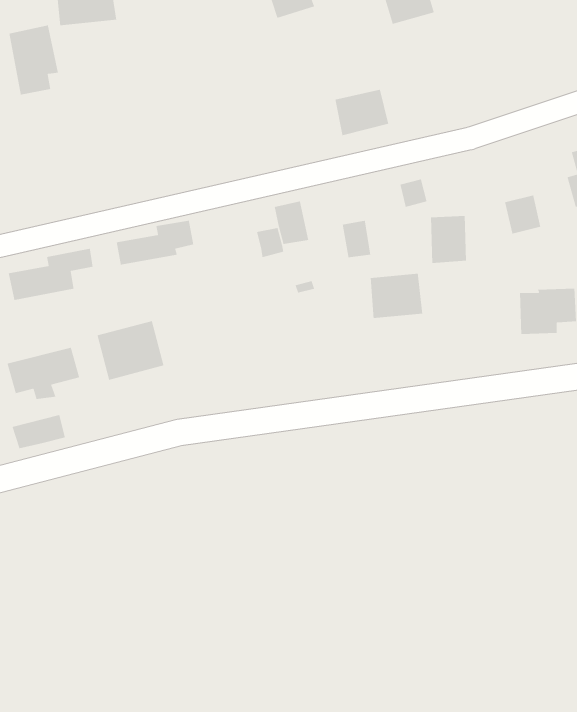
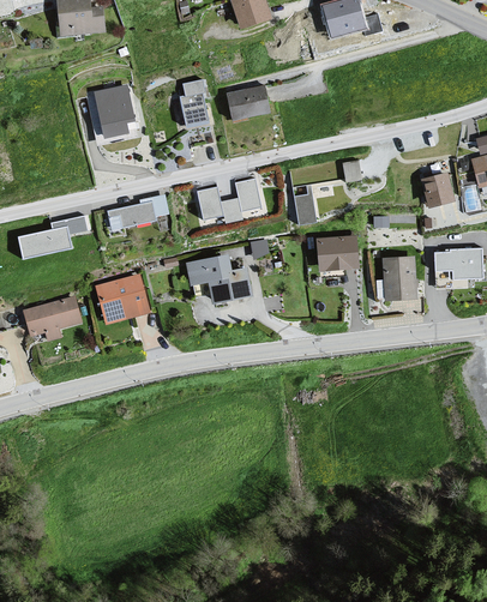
building: [8,24,59,95] -> [96,83,137,140]
building: [335,89,389,136] -> [223,83,267,121]
building: none -> [180,91,210,130]
building: none -> [197,186,226,221]
building: [430,215,467,264] -> [385,258,415,297]
building: none -> [184,254,249,303]
building: [11,414,66,449] -> none

